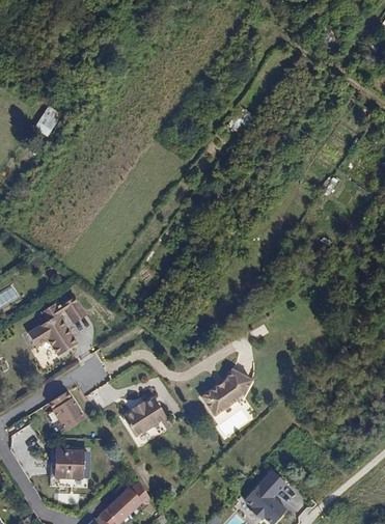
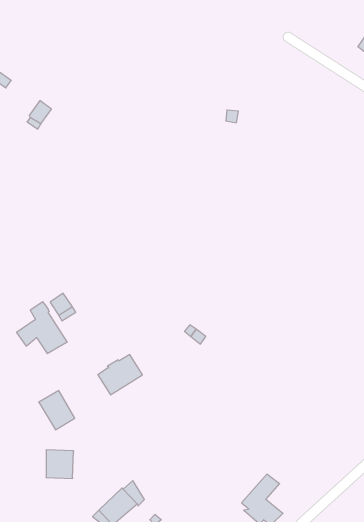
building: [201,370,250,415] -> none
building: [121,395,165,435] -> [98,355,142,395]

